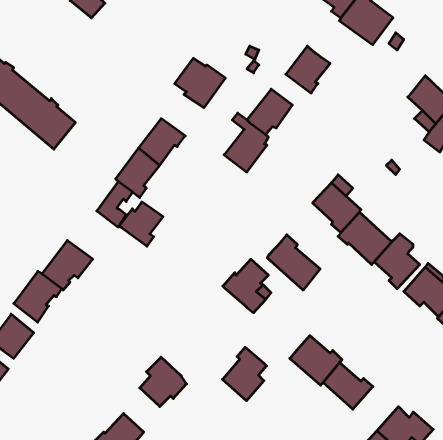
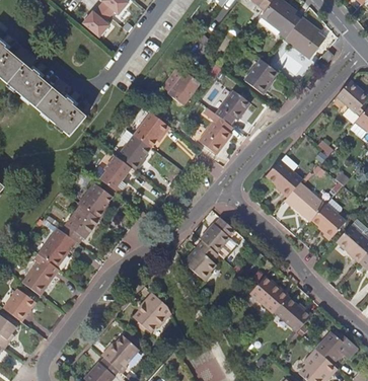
building: [119,202,163,246] -> [78,185,112,219]
building: [267,235,320,290] -> none
building: [222,347,267,401] -> [182,241,216,282]

